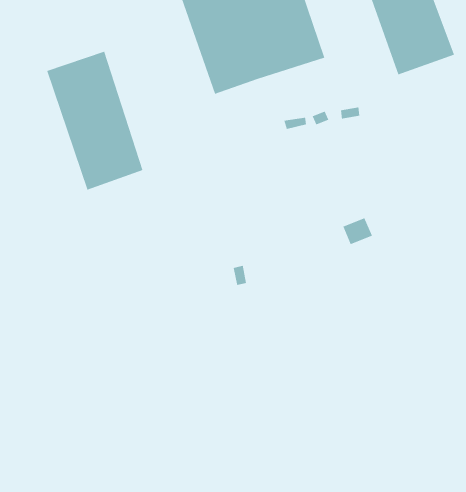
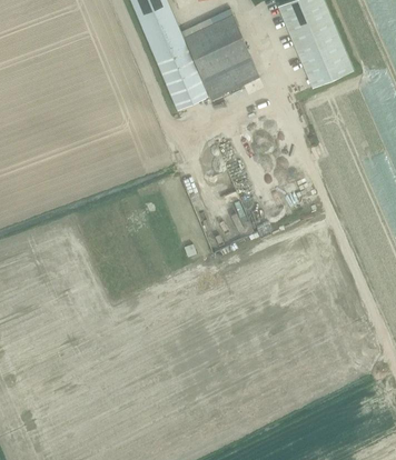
building: [46,51,143,190] -> none

